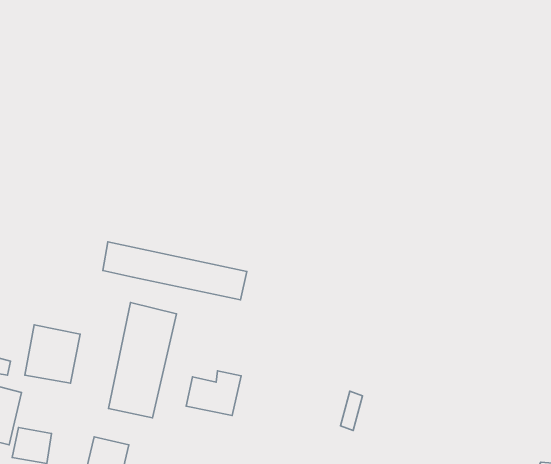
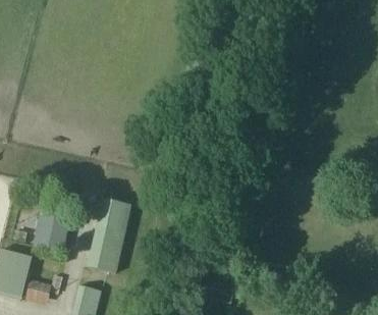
building: [103,242,247,300] -> none
building: [186,371,241,416] -> none

